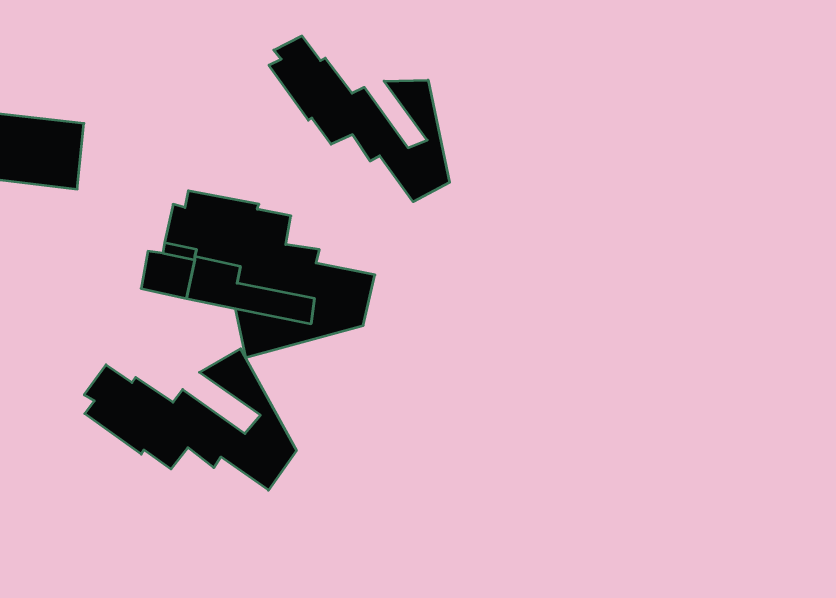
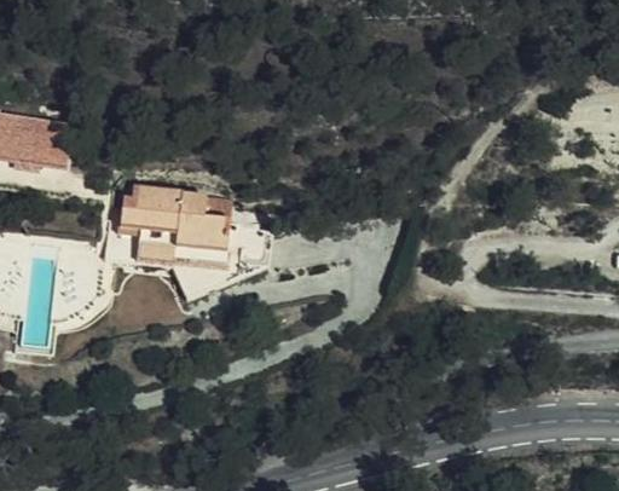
building: [269,36,450,202] -> none
building: [84,349,296,490] -> none

